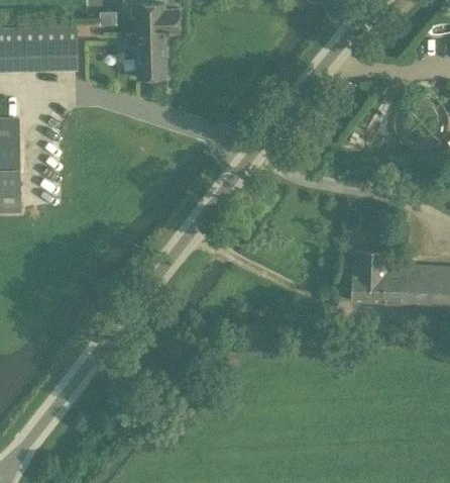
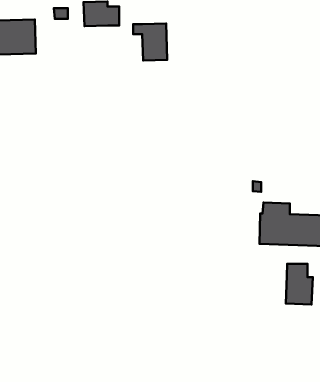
building: [125,33,166,79] -> [133,23,167,61]
building: none -> [286,264,313,305]

